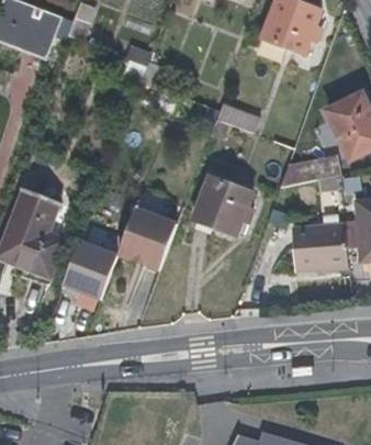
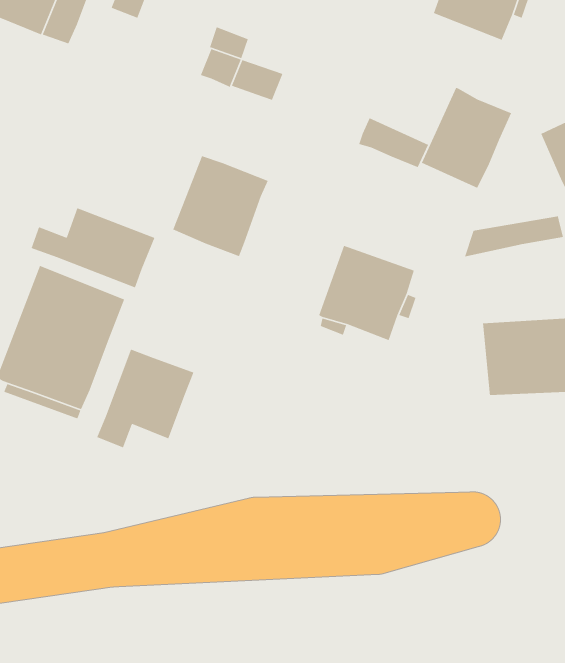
building: none -> [421,87,512,189]
building: none -> [31,207,156,288]
building: [119,208,177,269] -> [172,155,269,257]

